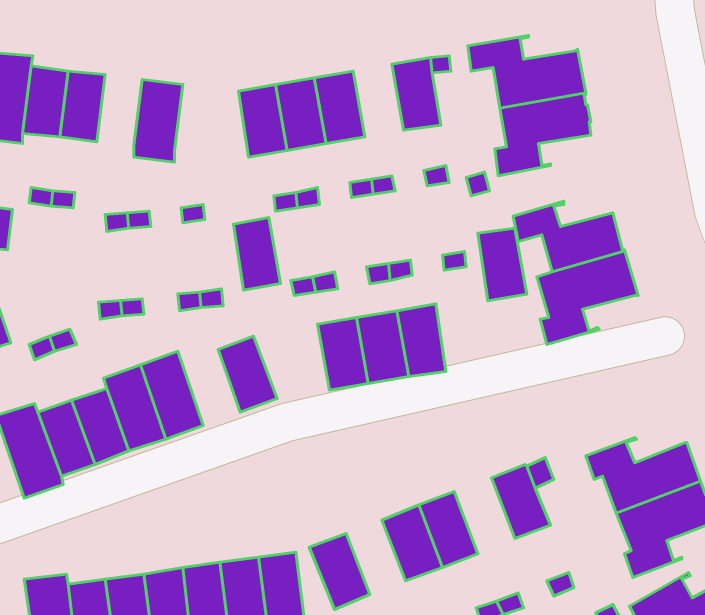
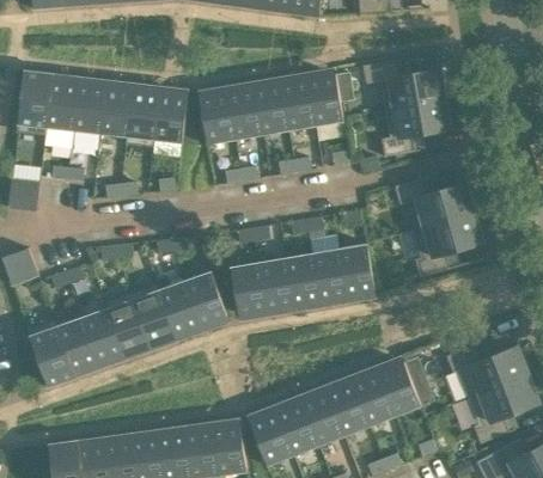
building: none -> [281,79,317,130]
building: none -> [99,86,132,136]
building: none -> [154,93,188,143]
building: [233,218,281,290] -> [231,263,264,314]
building: [478,228,527,301] -> [340,245,374,296]
building: none -> [159,281,201,335]
building: none -> [353,372,396,425]
building: none -> [276,402,318,454]

